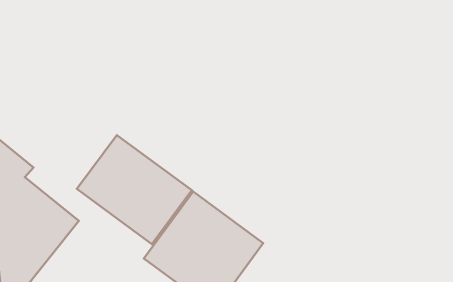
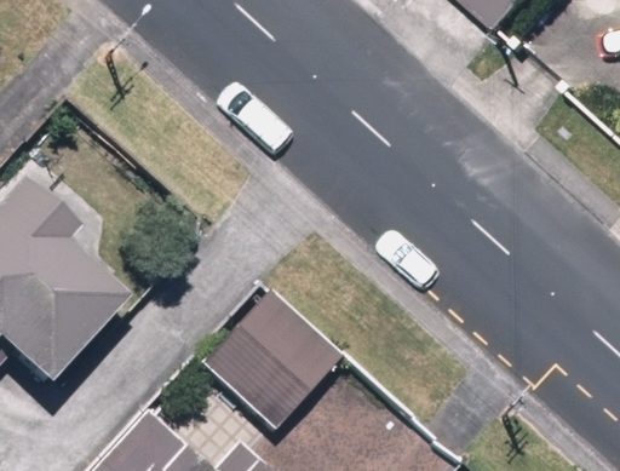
building: [77,135,192,244] -> none

